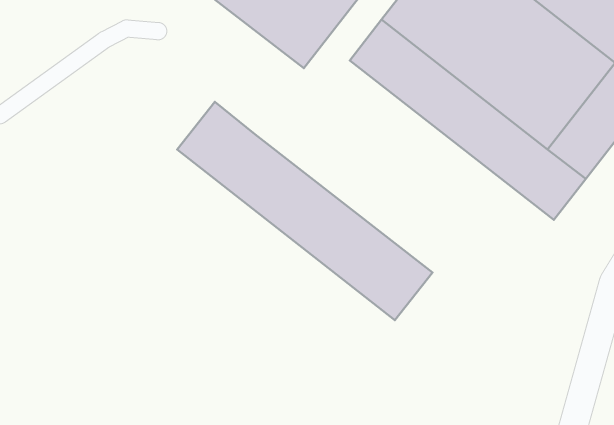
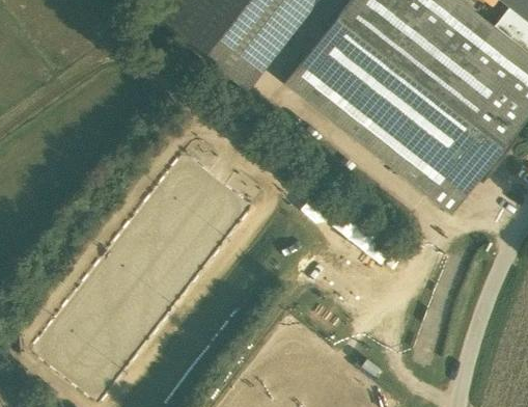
building: [177,102,432,320] -> none

